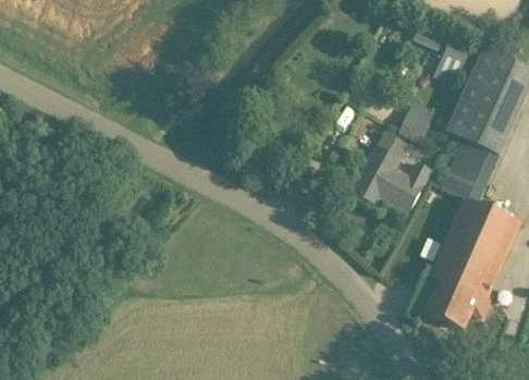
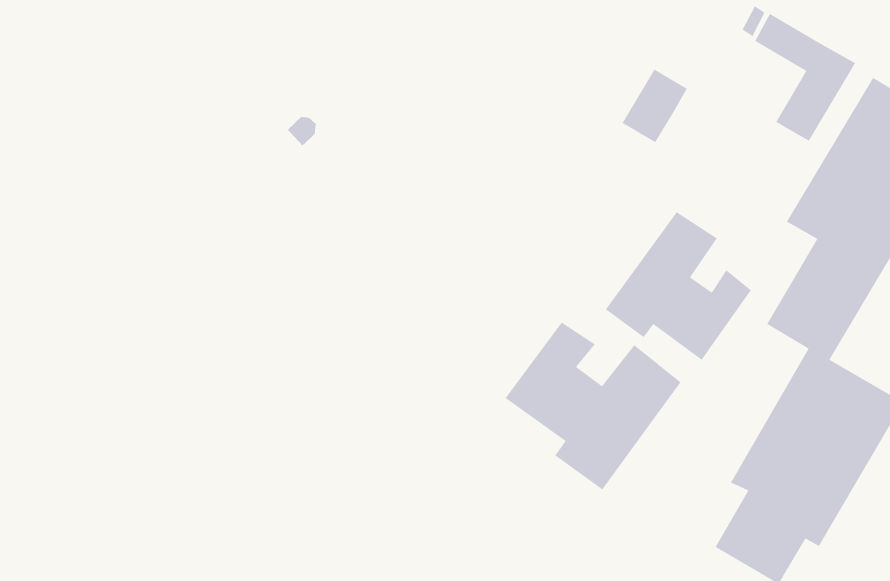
building: [399,100,433,140] -> [622,68,688,143]
building: none -> [505,322,681,490]

